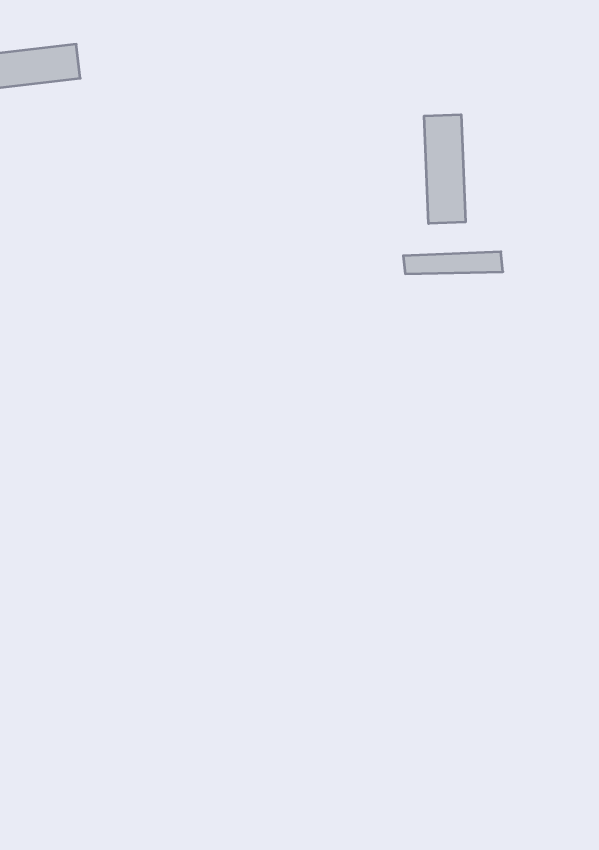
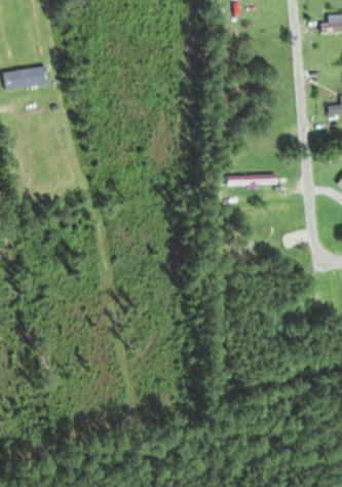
building: [424,115,465,224] -> none

